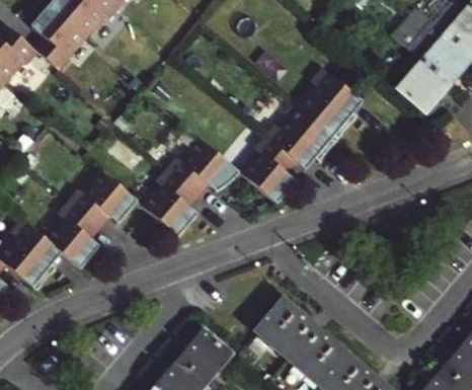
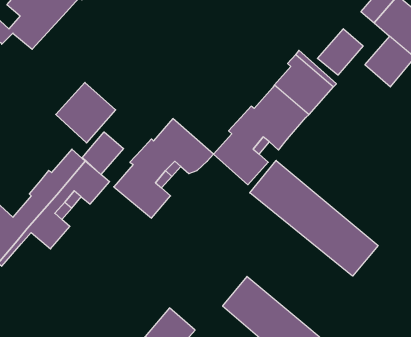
building: none -> [317,29,363,75]
building: none -> [56,82,116,143]
building: none -> [82,132,124,174]
building: none -> [250,160,378,276]

